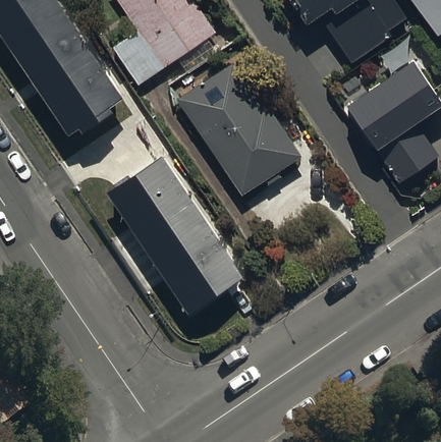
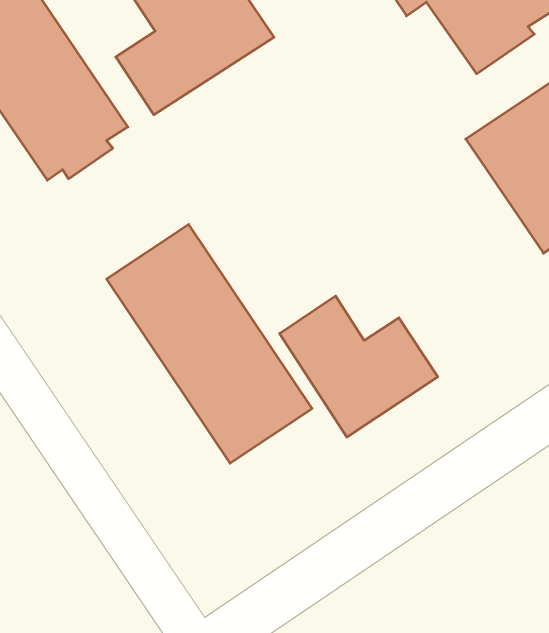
building: [178,63,300,196] -> none
building: none -> [280,296,438,437]

